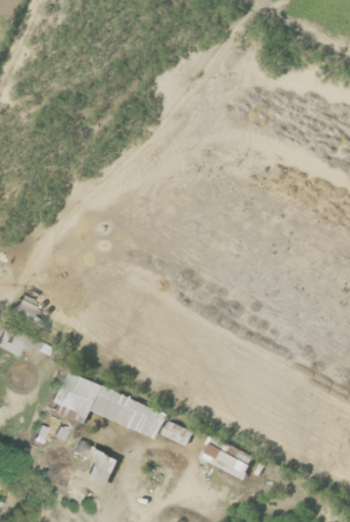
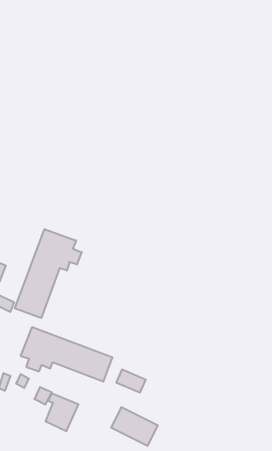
building: none -> [15,229,82,318]
building: [203,437,255,480] -> [111,407,158,446]

